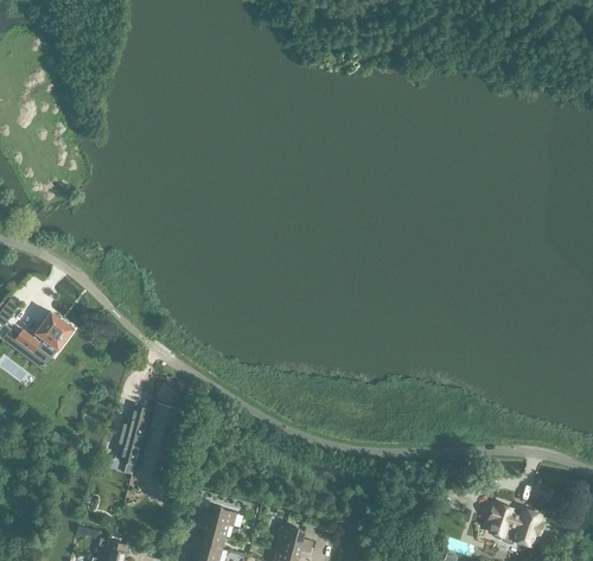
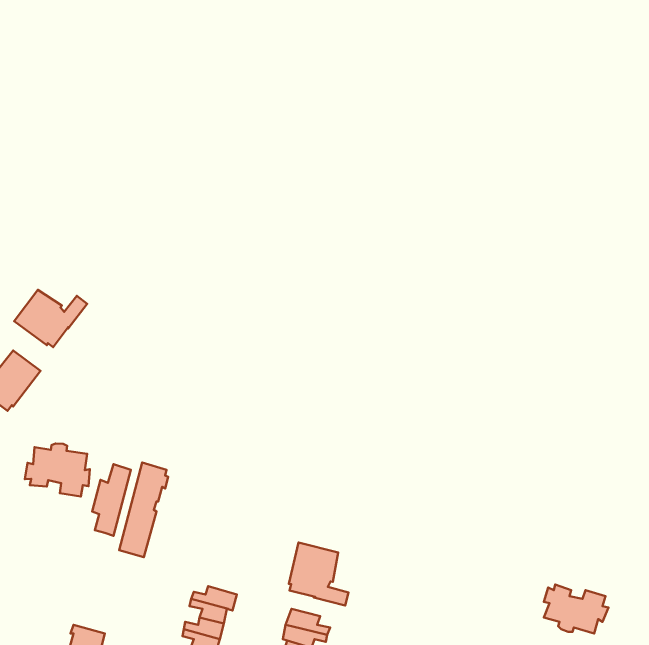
building: none -> [14,290,87,347]
building: none -> [25,443,90,496]
building: none -> [289,543,348,605]

